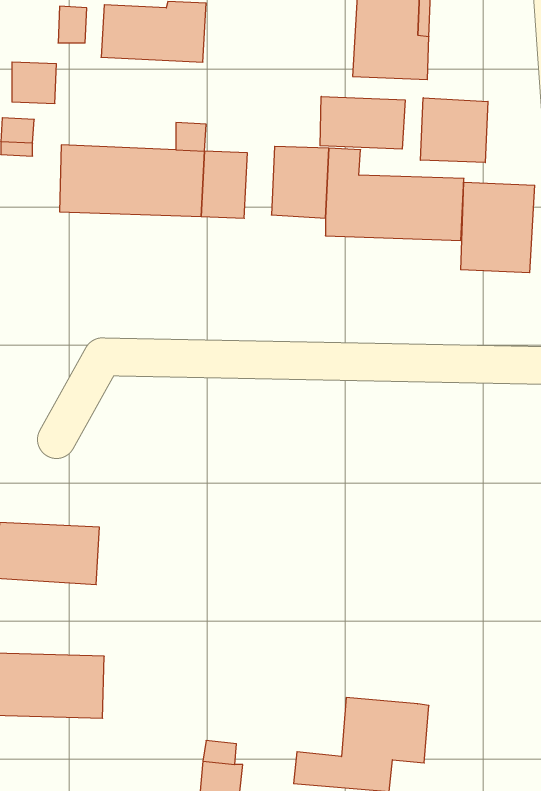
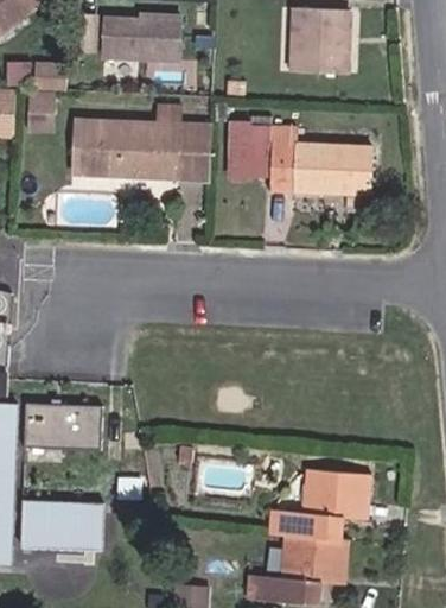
building: [320,96,405,149] -> none
building: [420,98,488,163] -> none
building: [461,182,535,273] -> none
building: none -> [270,470,368,539]

